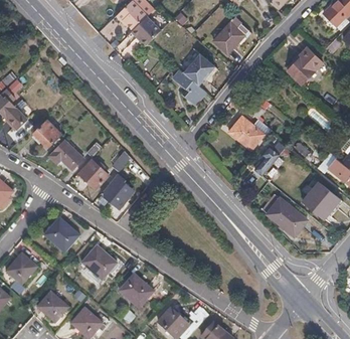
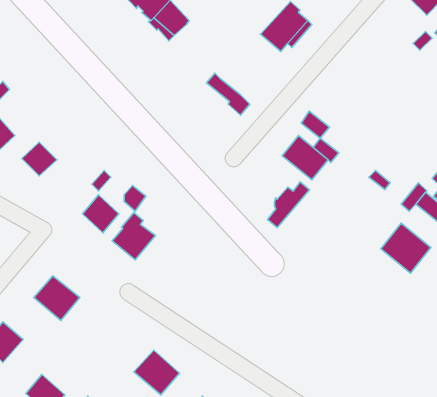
building: [289,45,328,88] -> none
building: [183,53,214,84] -> none
building: [50,139,84,169] -> none
building: [254,141,286,175] -> [268,182,309,228]
building: [267,196,307,234] -> none
building: [82,246,116,280] -> none

